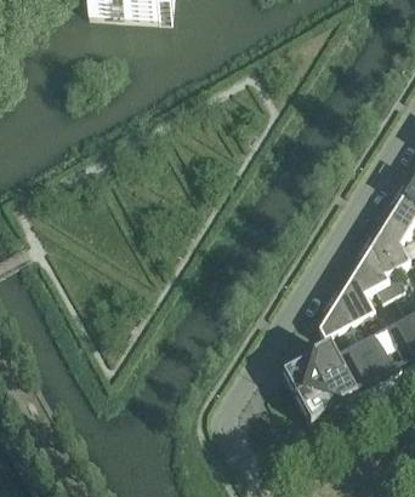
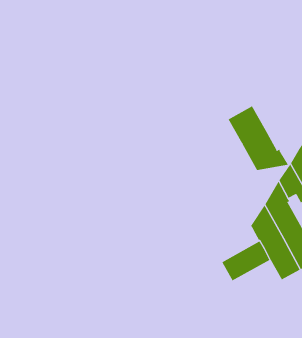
building: none -> [228,106,289,171]
building: [297,367,360,419] -> none

